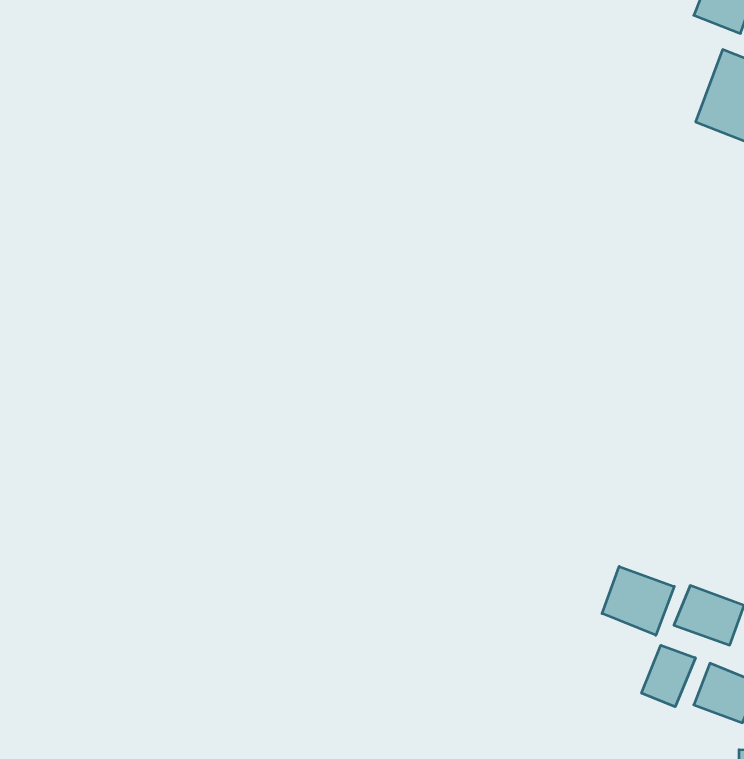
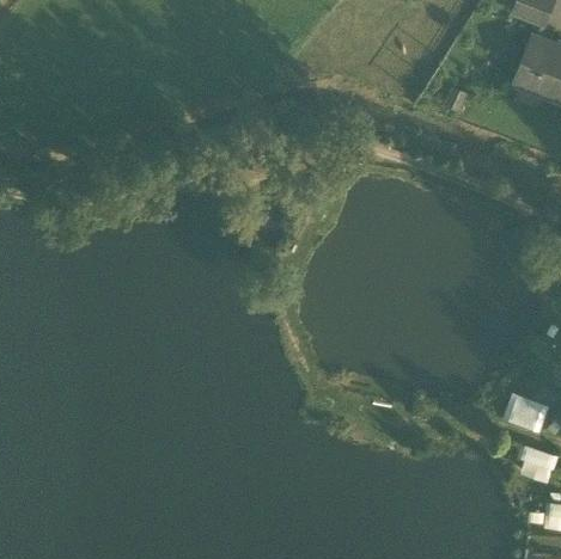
building: [602,566,674,635] -> none
building: [642,645,695,707] -> none

